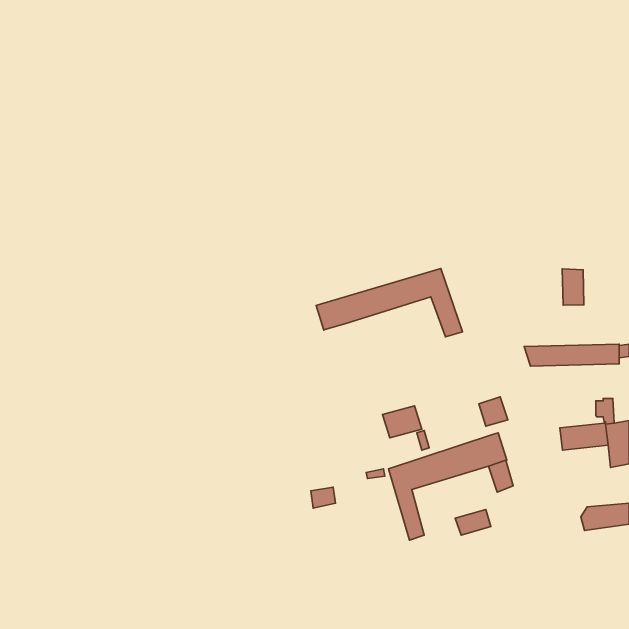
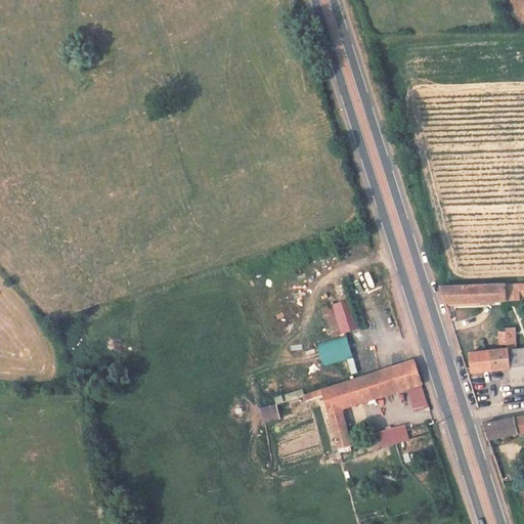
building: [316,268,462,337] -> none
building: [562,269,584,305] -> none
building: none -> [332,299,355,332]
building: [479,397,508,426] -> none

